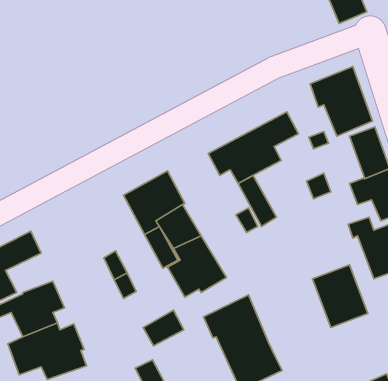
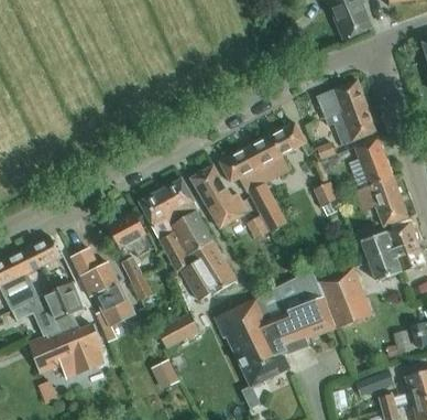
building: none -> [189,165,248,229]
building: none -> [108,213,151,255]
building: none -> [70,248,134,341]
building: none -> [258,269,335,355]

